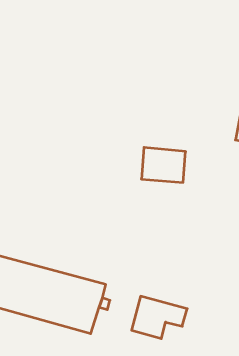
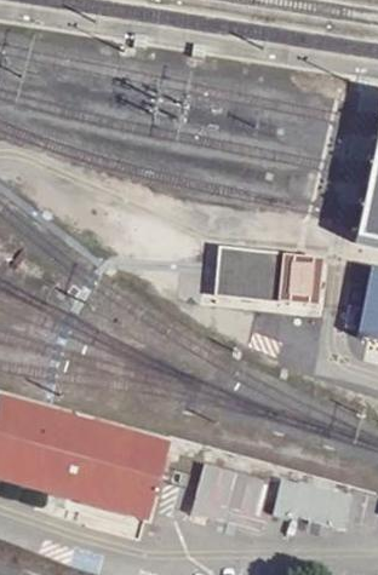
building: none -> [280,254,322,303]

